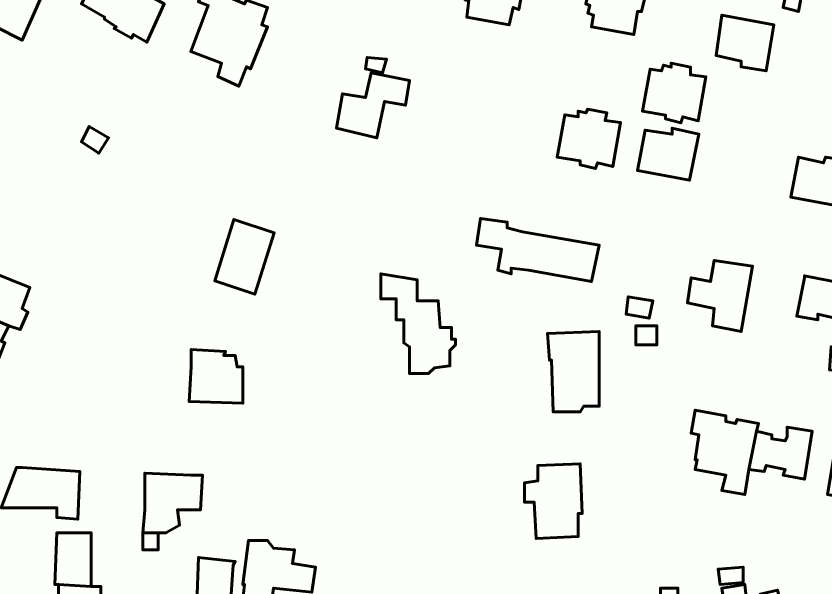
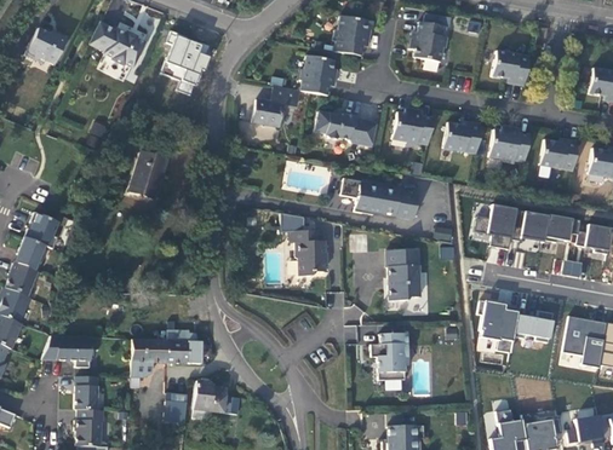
building: none -> [300,54,337,96]
building: [642,63,706,123] -> [489,126,529,163]
building: none -> [315,111,377,146]
building: [215,219,274,294] -> [130,151,167,198]
building: none -> [511,209,549,242]
building: [189,350,243,403] -> [167,329,201,363]

